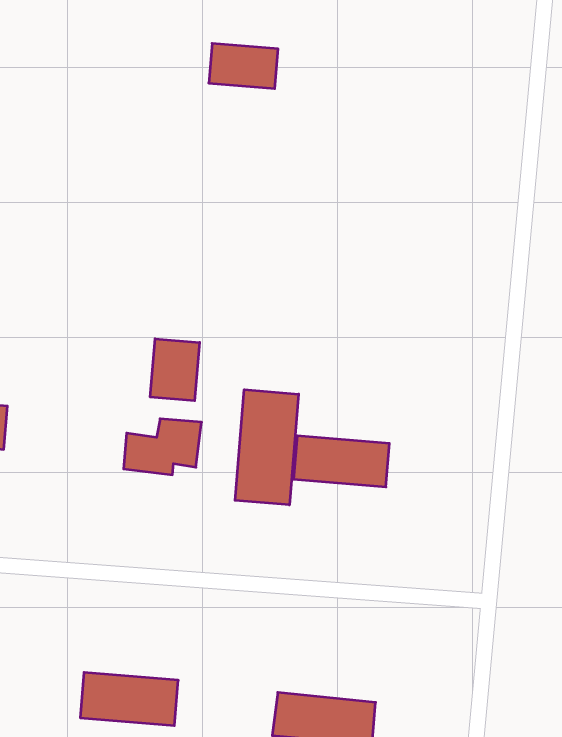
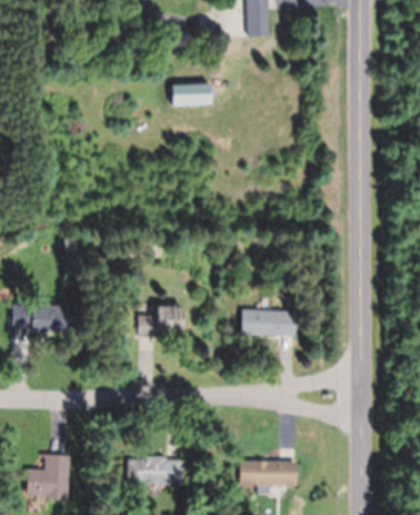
building: [150,339,200,401] -> none
building: [235,390,299,505] -> none

